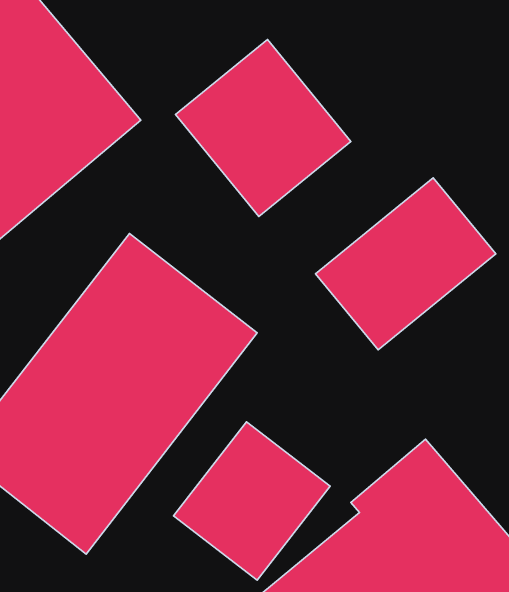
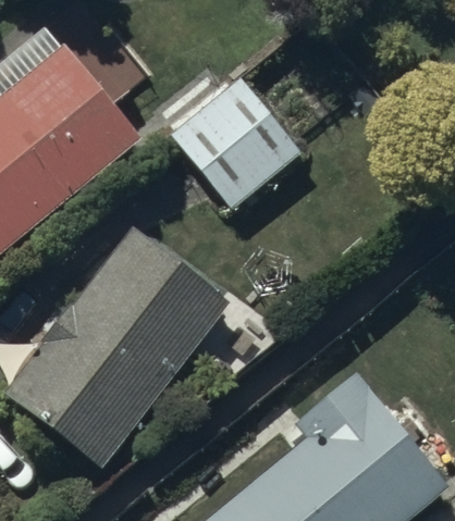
building: [316,178,496,350] -> none
building: [174,422,330,580] -> none

